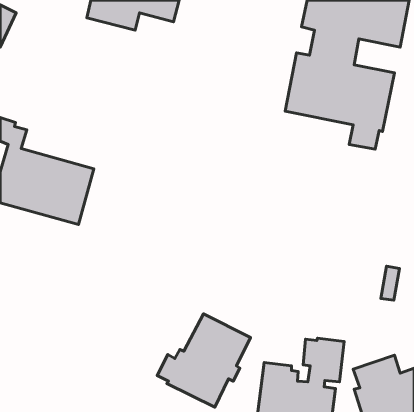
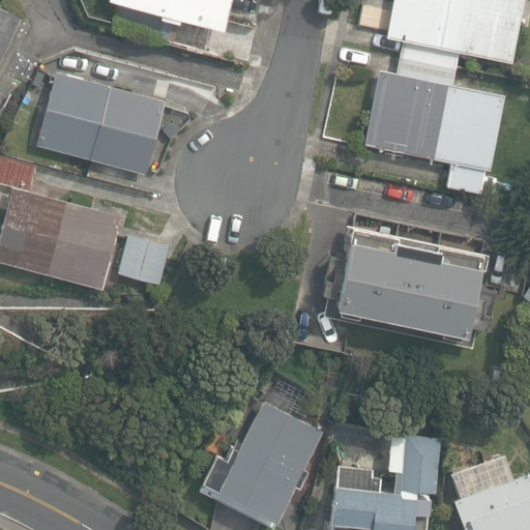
building: none -> [37,73,164,174]
building: none -> [329,231,488,338]
building: none -> [117,236,170,285]

